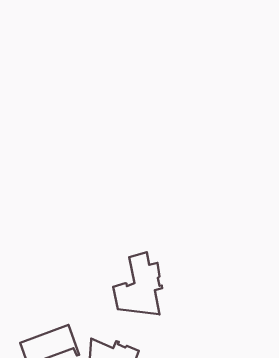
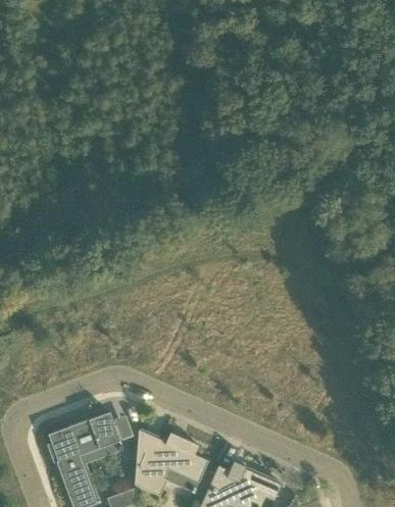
building: [113,252,162,314] -> none

